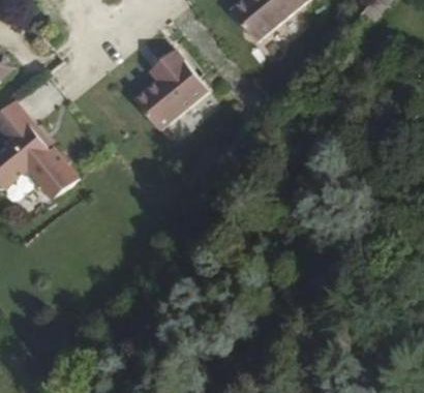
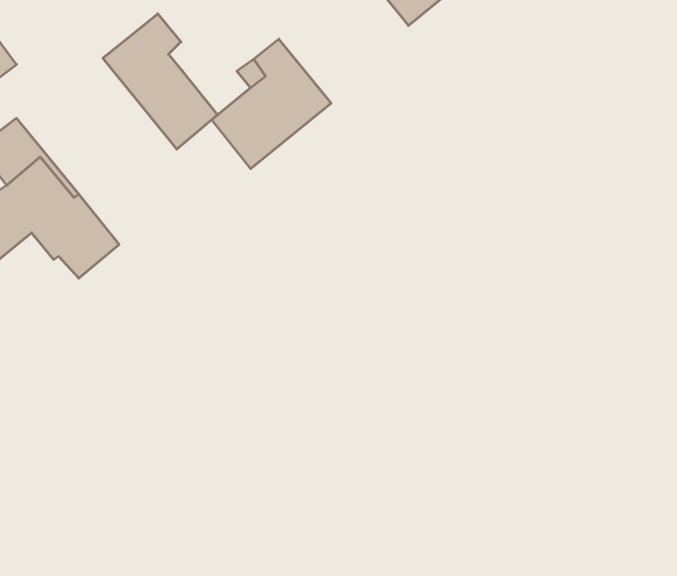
building: none -> [103,14,218,149]

